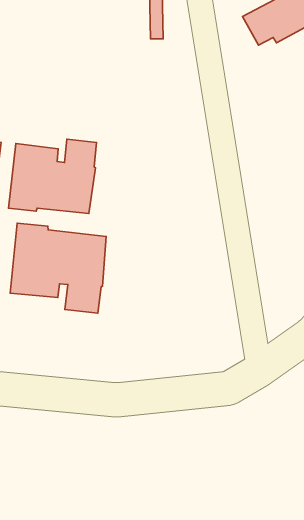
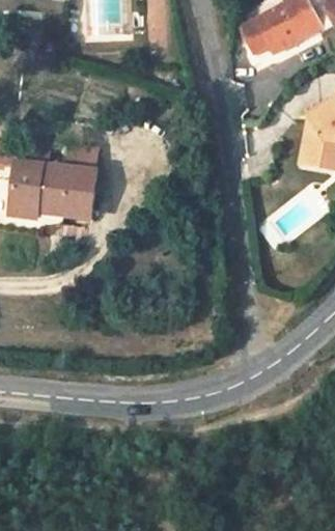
building: [10,223,106,313] -> none

